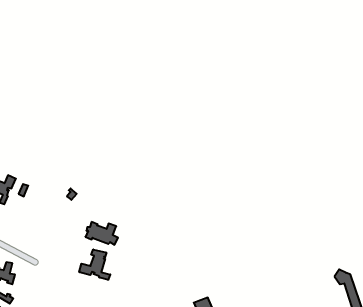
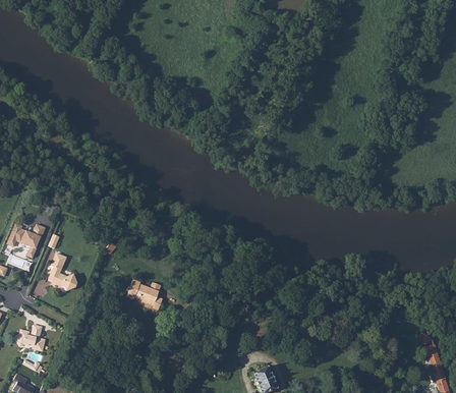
building: none -> [49,255,76,291]
building: [79,249,110,280] -> none

